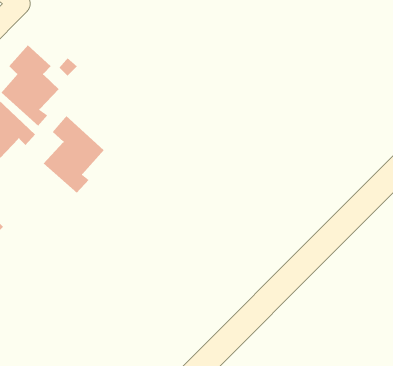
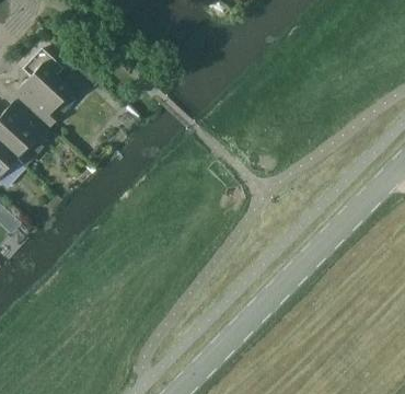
building: [43,115,105,194] -> none

